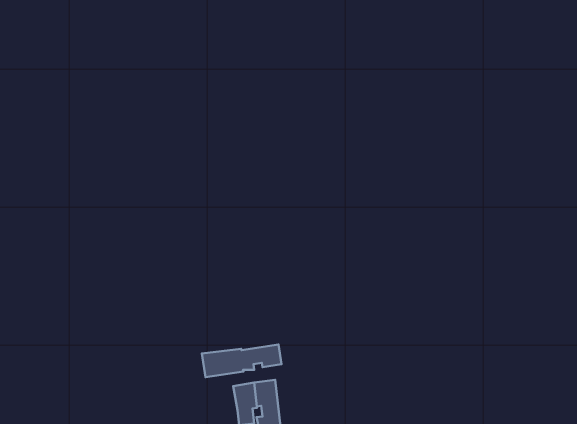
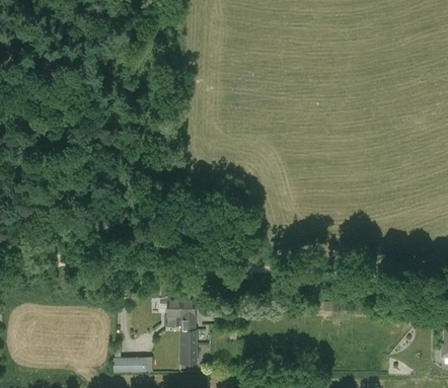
building: [202,344,281,377] -> none

